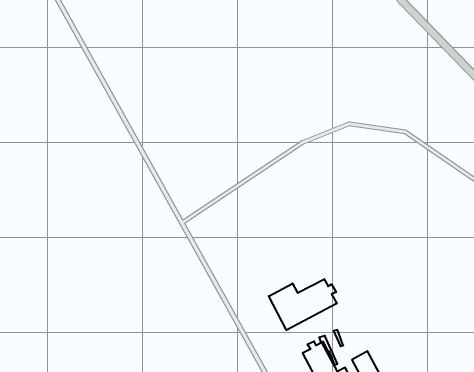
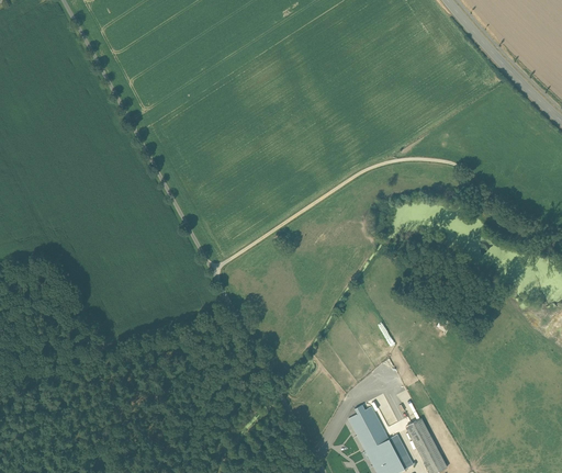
building: [269,279,337,330] -> none

